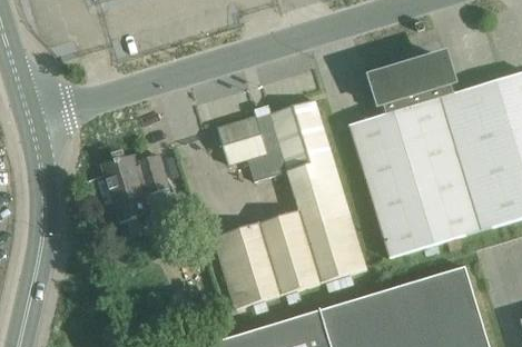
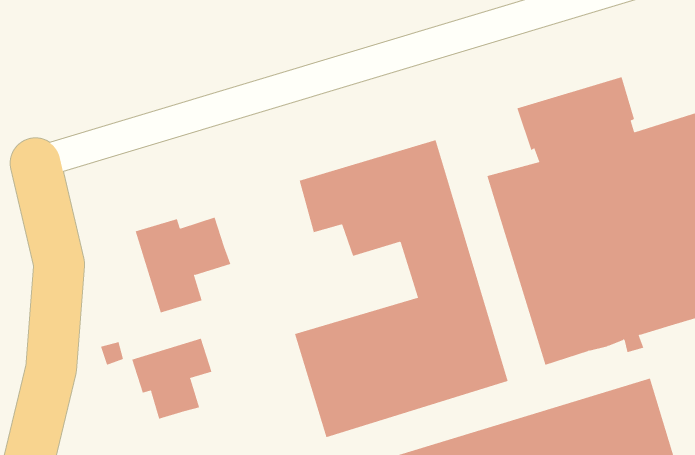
building: none -> [131,338,212,419]

